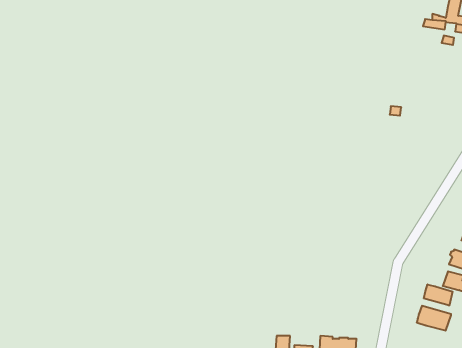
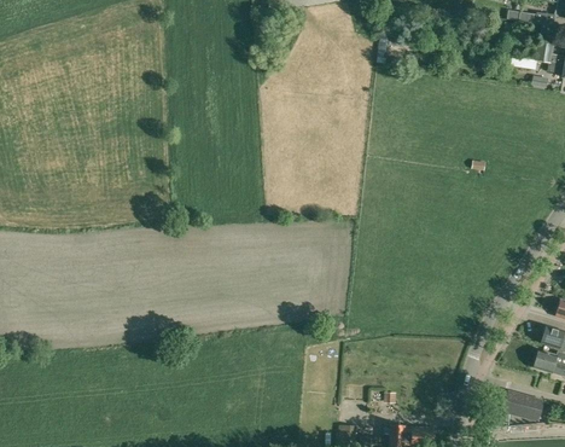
building: [424,284,453,306] -> none

